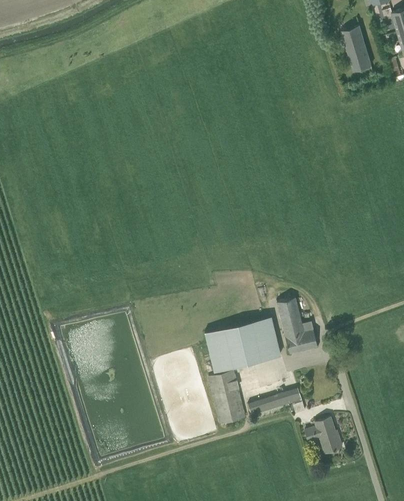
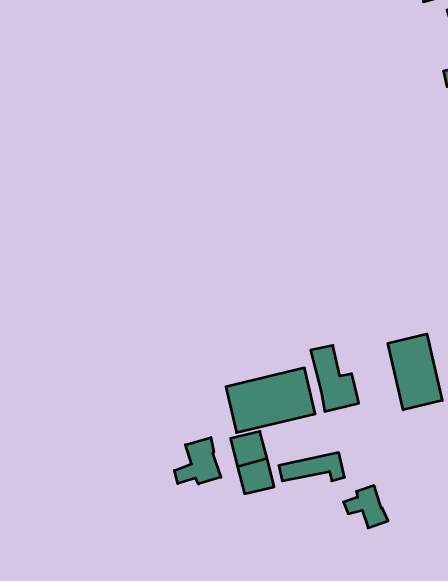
building: [341,26,371,72] -> none
building: none -> [388,334,442,410]
building: none -> [174,437,221,484]

